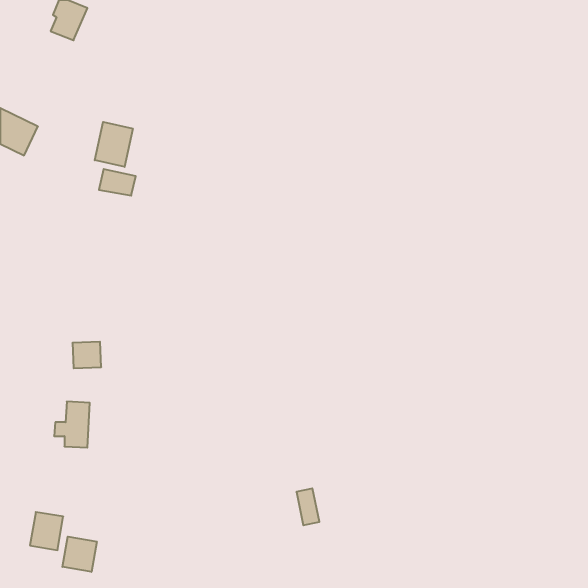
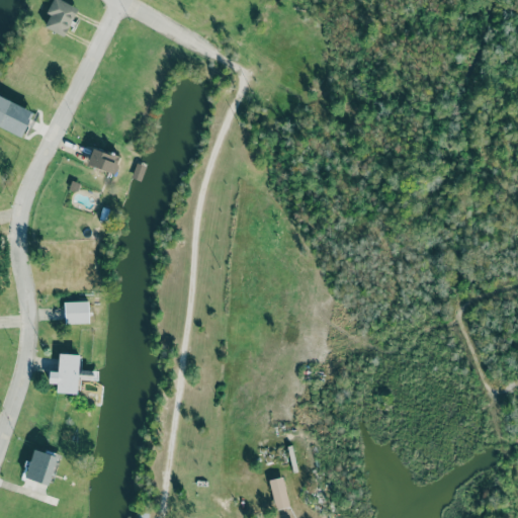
building: [95,122,133,167] -> none
building: [296,488,319,525] -> [269,477,289,509]
building: [62,537,97,572] -> none

